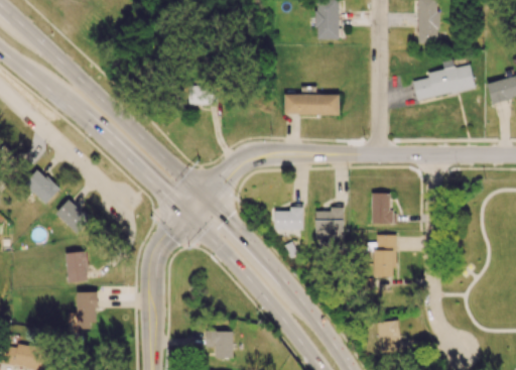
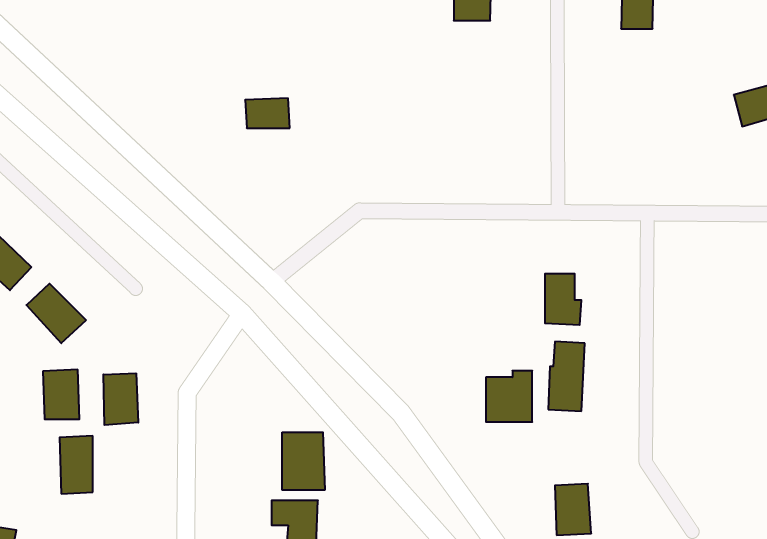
building: [412,59,474,100] -> none
building: [283,93,339,115] -> none
building: [274,204,302,229] -> none
building: [314,207,343,238] -> [486,371,532,422]
building: none -> [103,373,138,425]
building: none -> [282,432,325,490]

